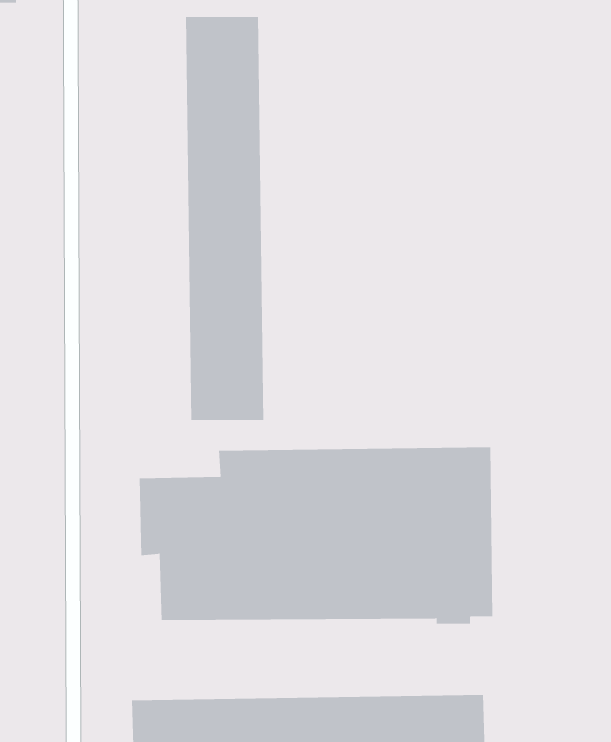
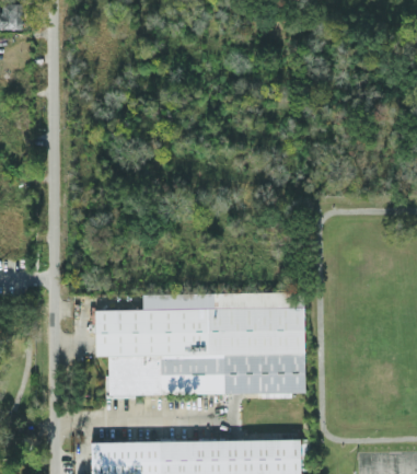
building: [185,16,264,421] -> none

